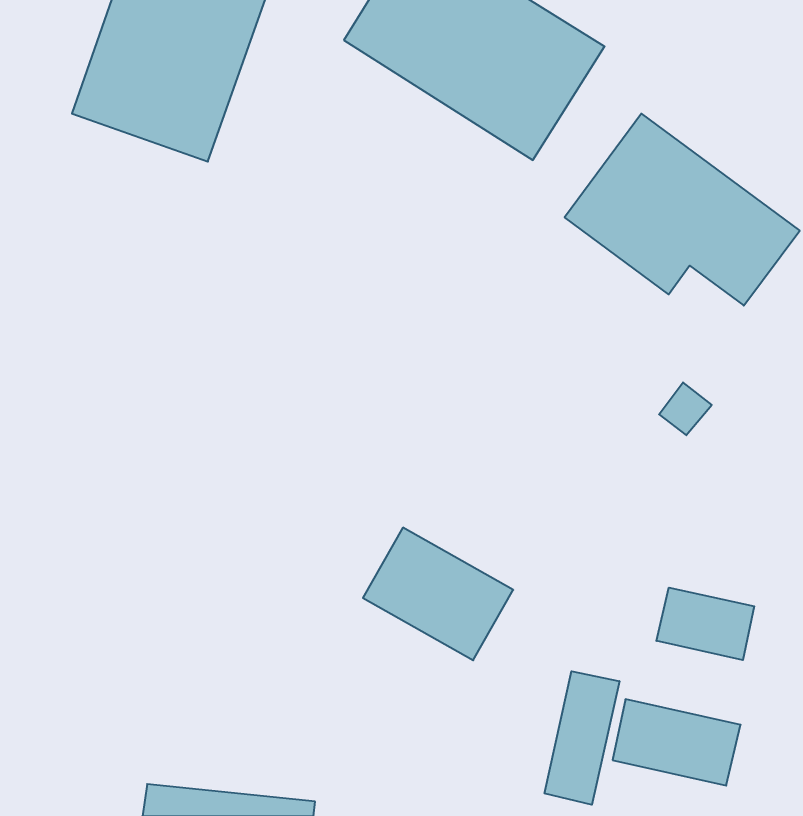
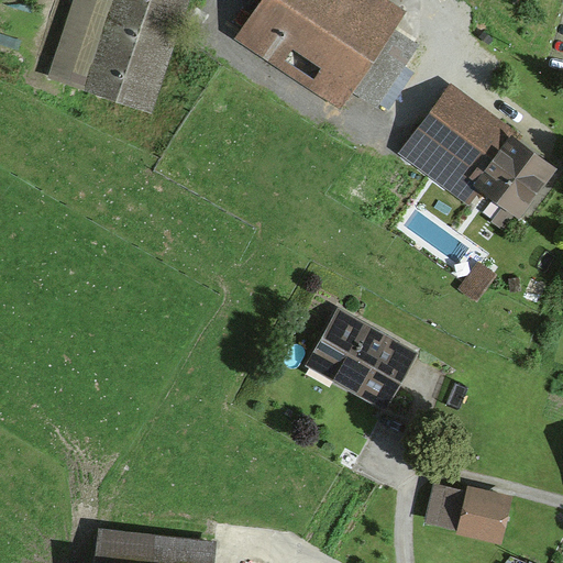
building: [363,528,513,660] -> [311,317,415,408]
building: [656,588,754,660] -> none
building: [545,671,619,805] -> none

